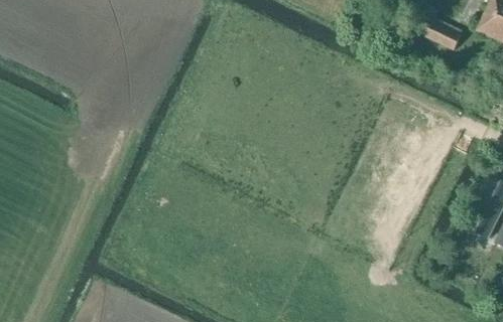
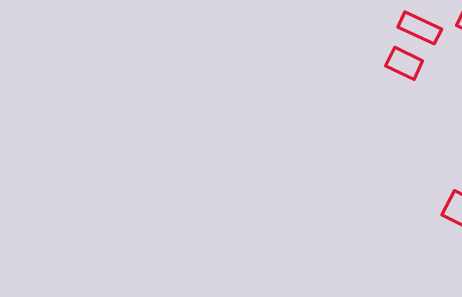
building: none -> [385,47,422,79]

